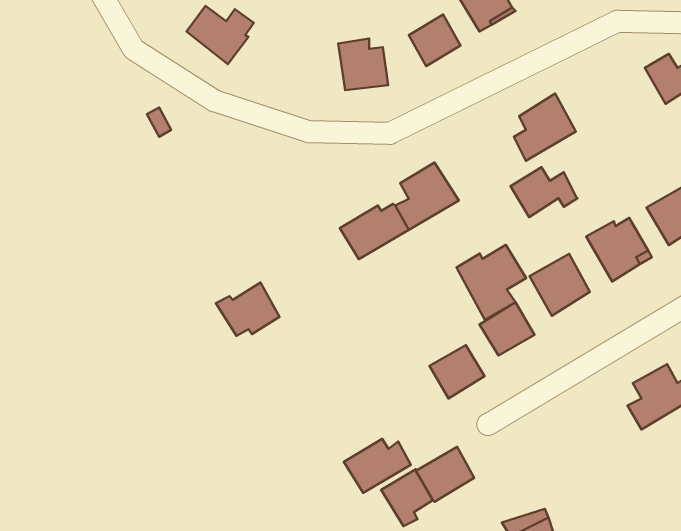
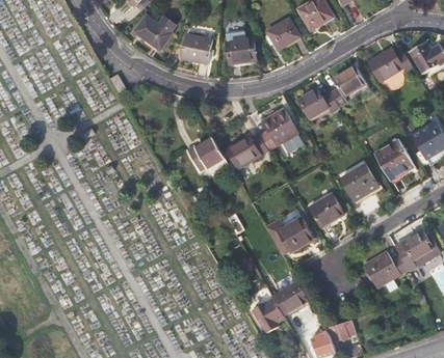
building: none -> [180,33,211,63]
building: none -> [368,49,411,81]
building: [510,167,578,217] -> [298,89,339,119]
building: [456,245,526,320] -> none
building: [216,282,279,336] -> [185,137,224,169]
building: none -> [364,250,408,288]
building: [344,439,411,493] -> none

